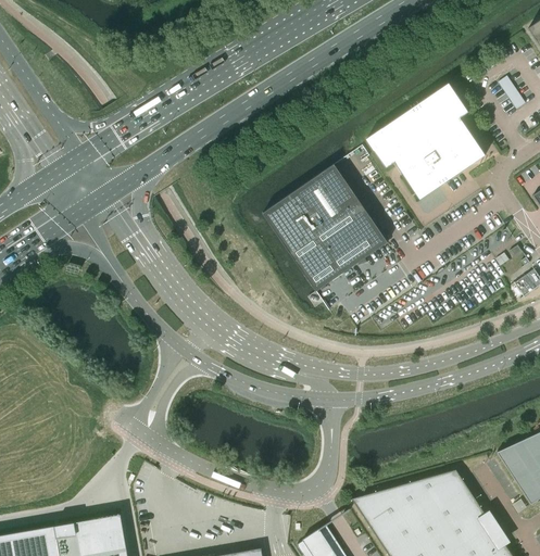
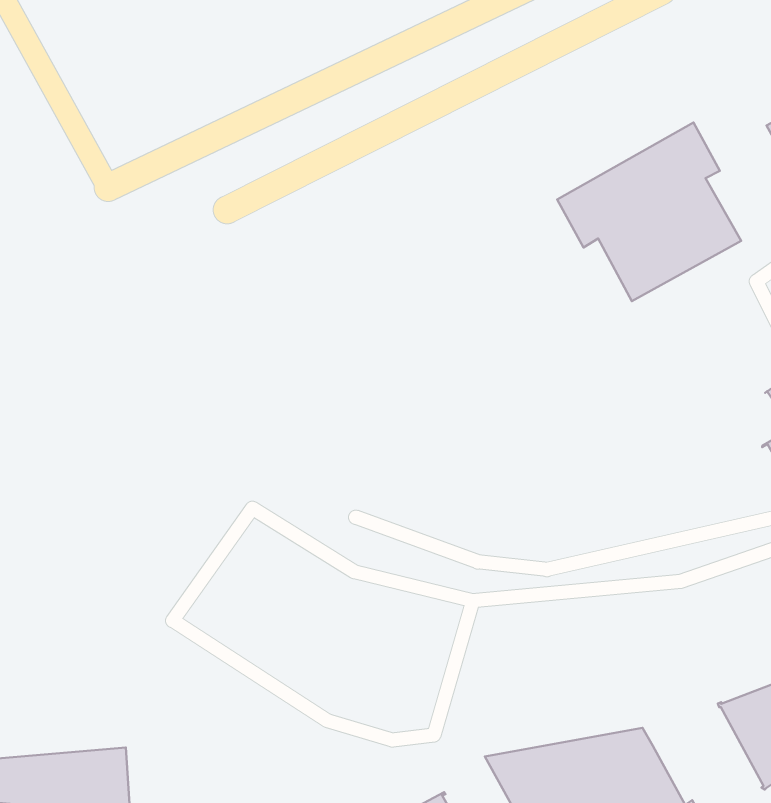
building: [263,164,388,291] -> none

